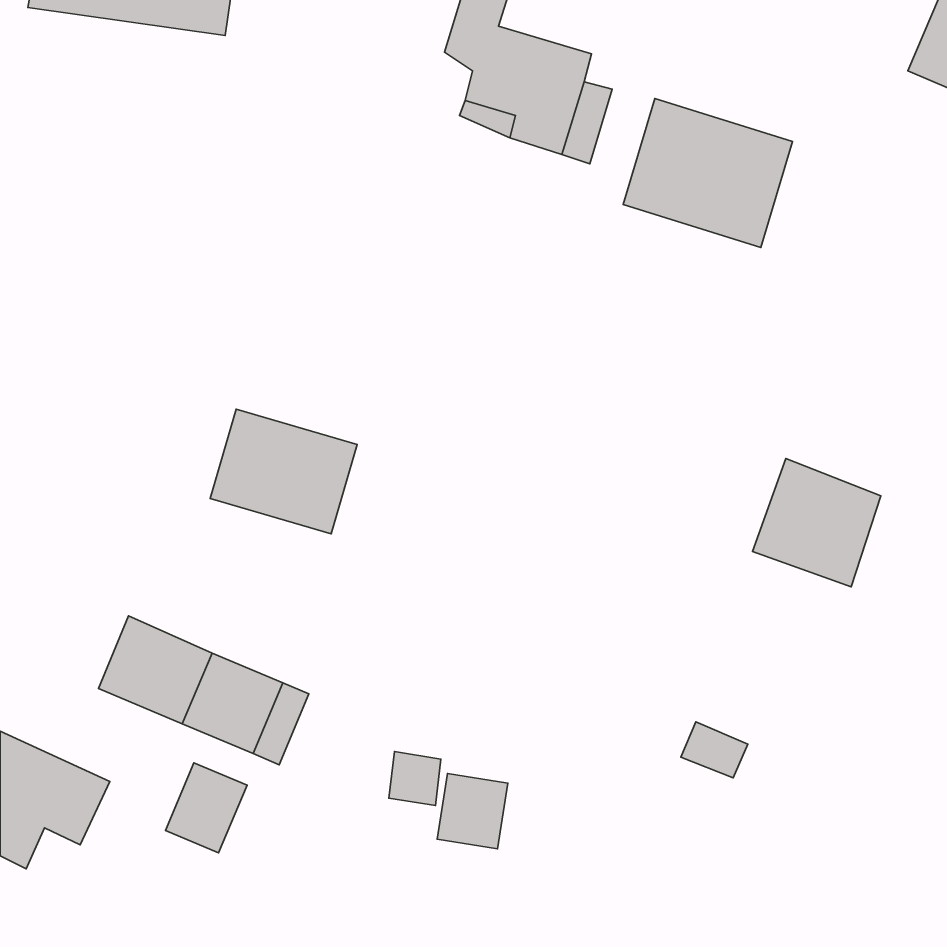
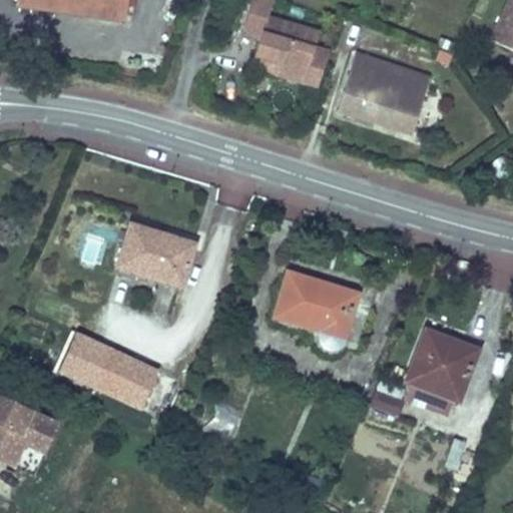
building: [752,459,881,587] -> [406,327,475,396]
building: none -> [275,269,359,346]
building: [165,763,247,853] -> none
building: [437,774,508,849] -> none

